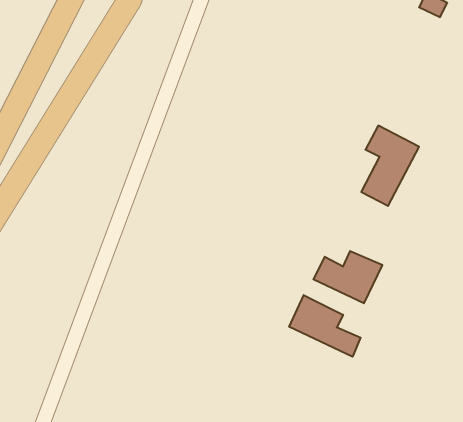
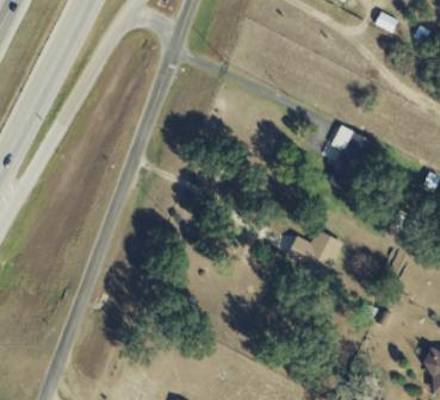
building: [289,295,361,357] -> none

